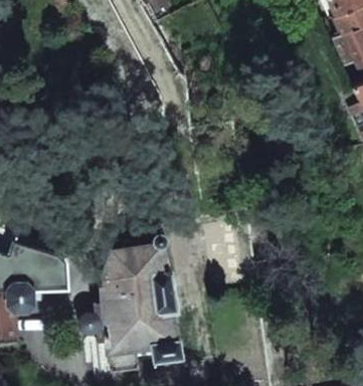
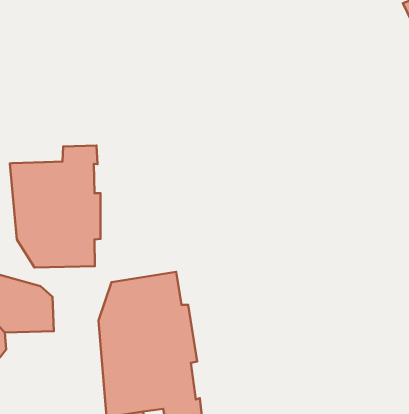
building: none -> [10,145,101,267]

